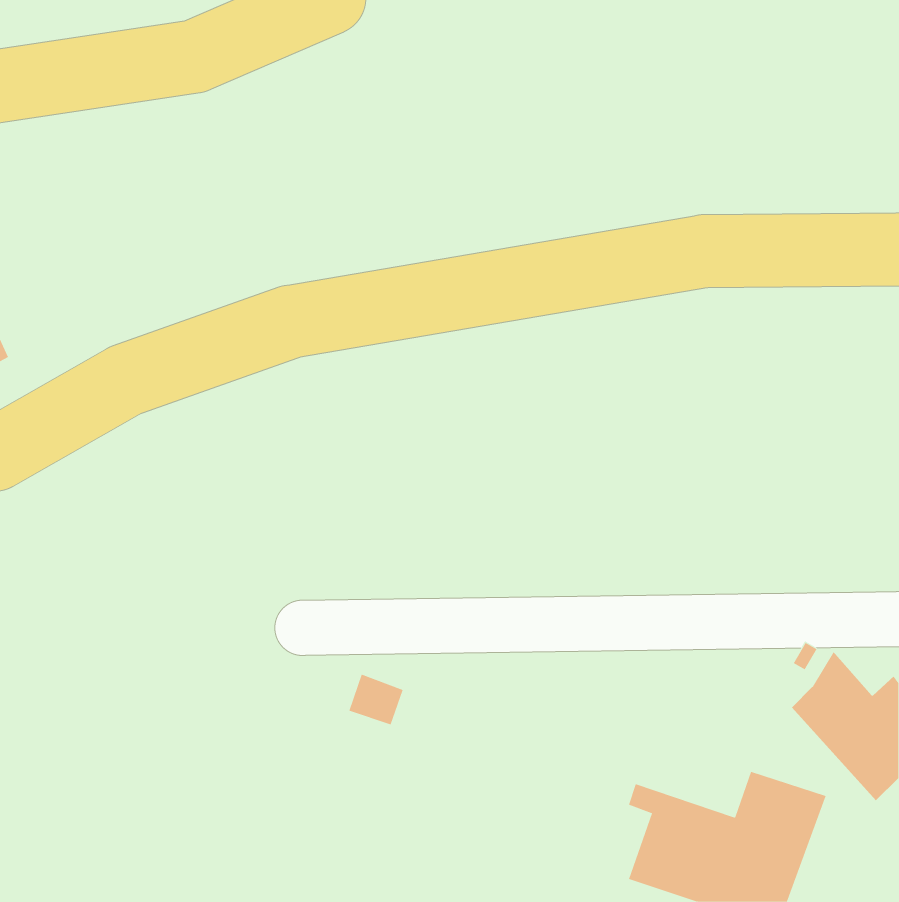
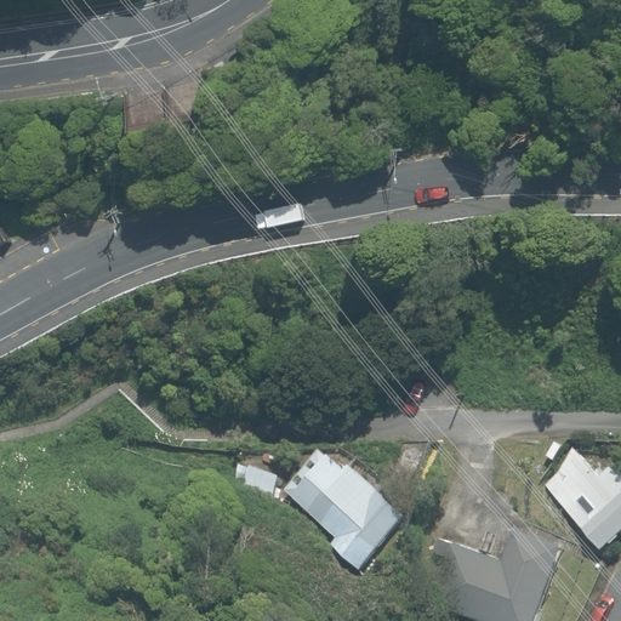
building: none -> [281,452,410,572]

